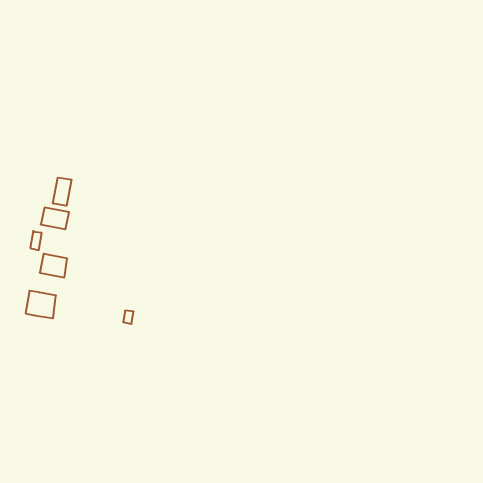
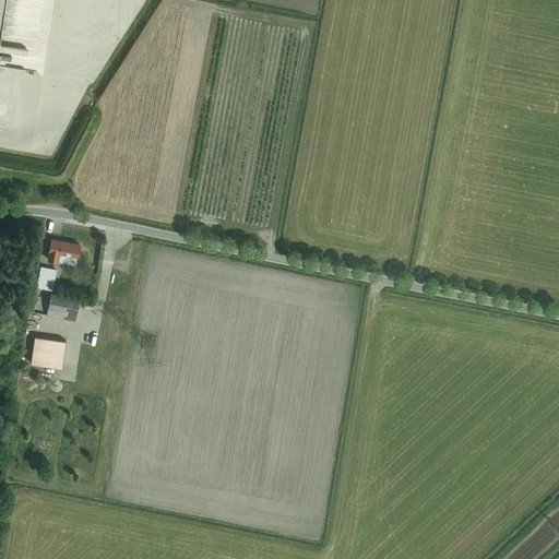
building: [53,178,72,206] -> none

